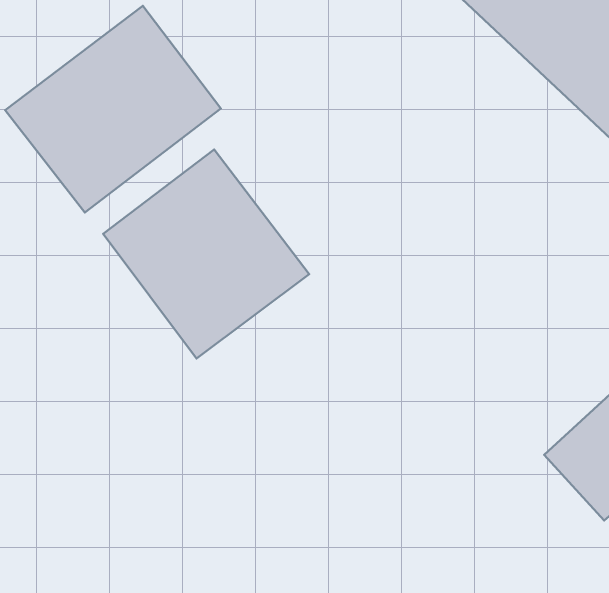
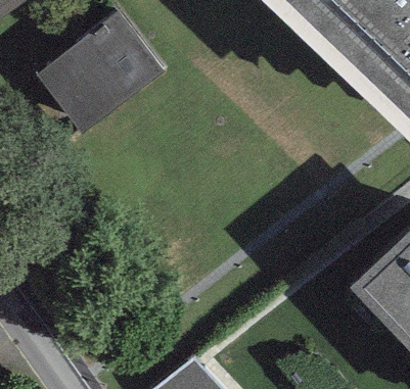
building: [103,150,309,358] -> none

